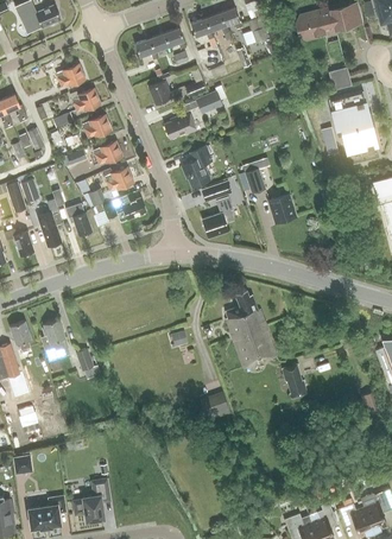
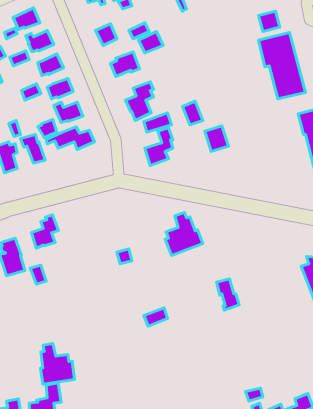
building: none -> [32,215,58,248]
building: [232,324,278,368] -> none
building: none -> [41,343,74,384]

